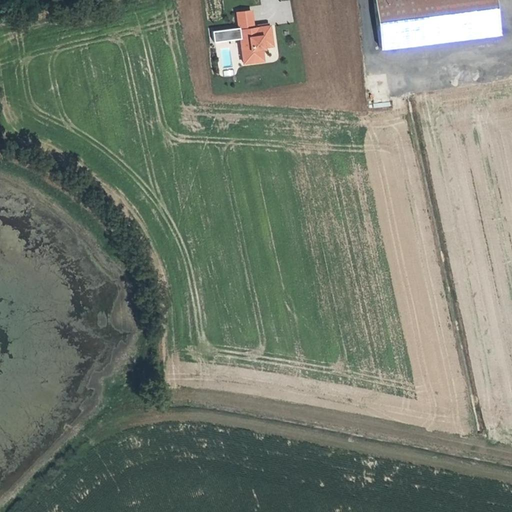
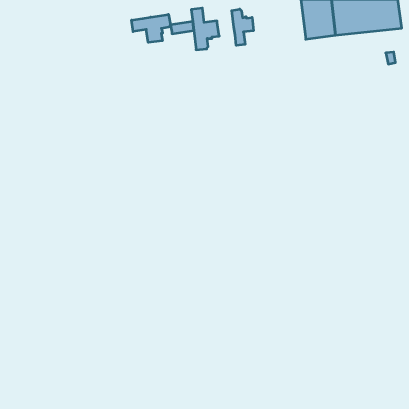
building: none -> [232,9,253,45]
building: none -> [132,14,170,42]

